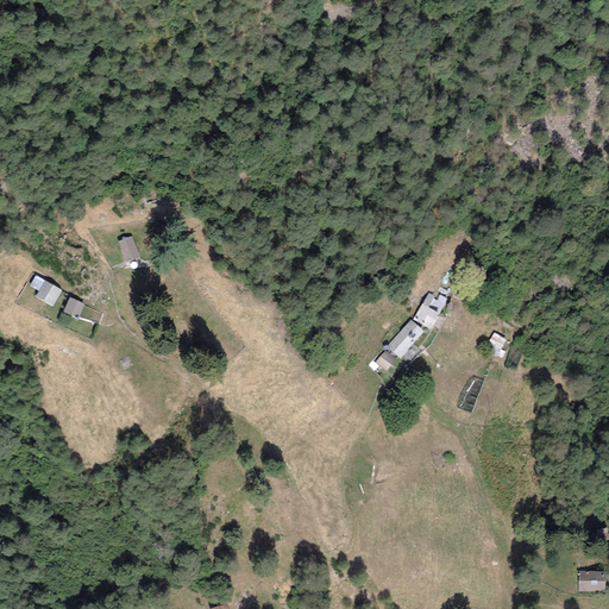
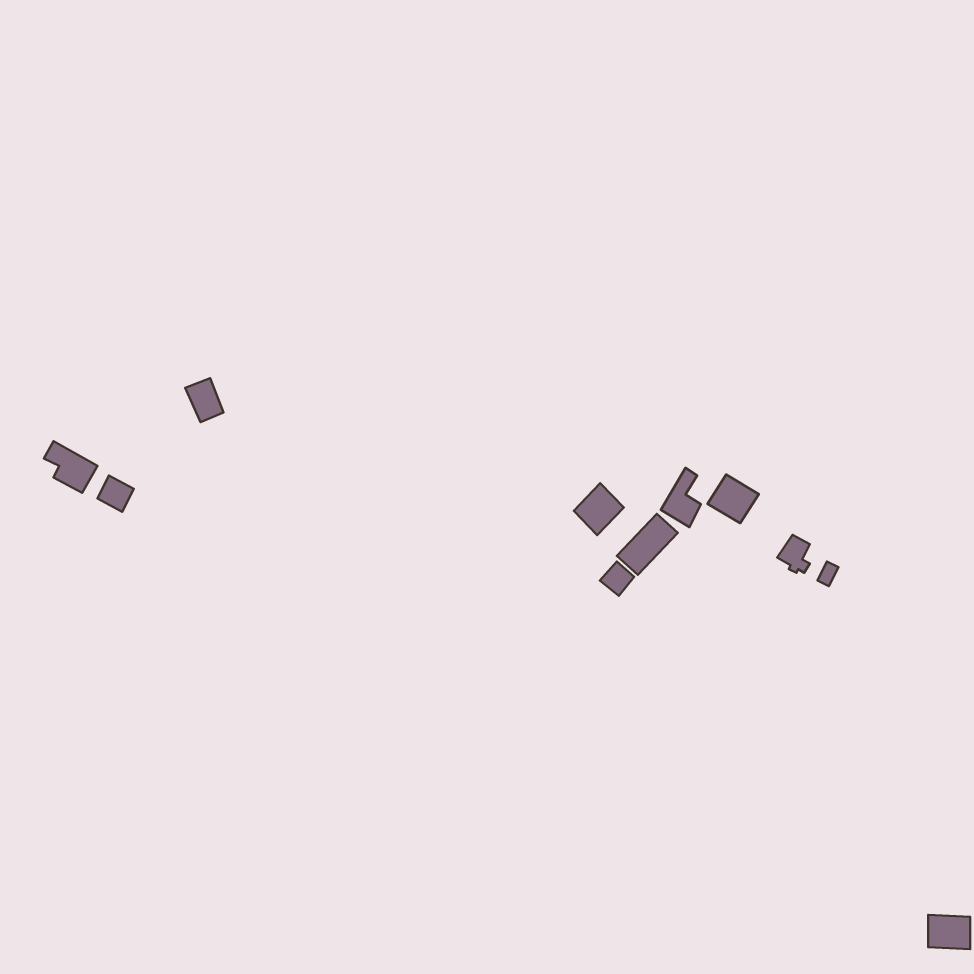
building: none -> [707,475,759,523]
building: none -> [574,483,624,535]

